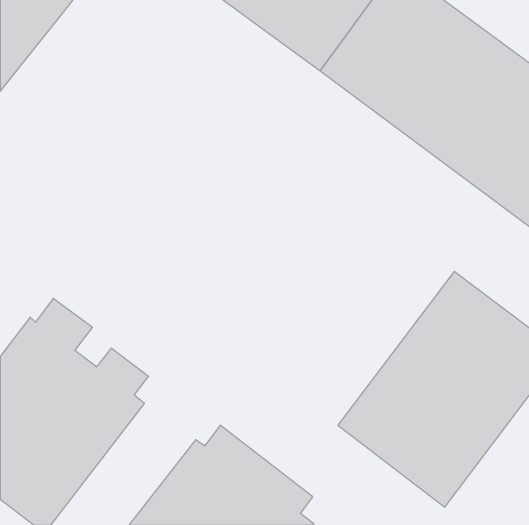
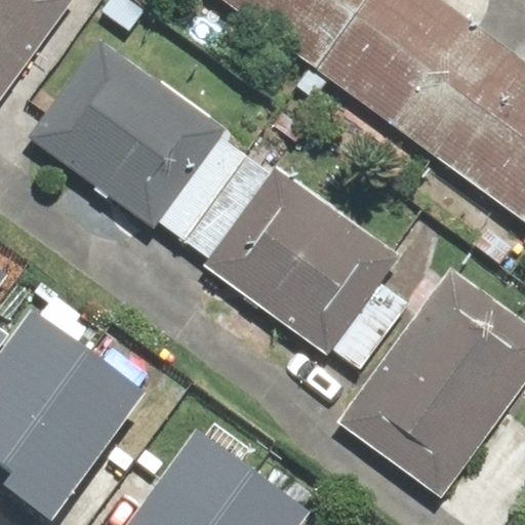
building: none -> [26,34,227,231]
building: none -> [202,165,400,357]

